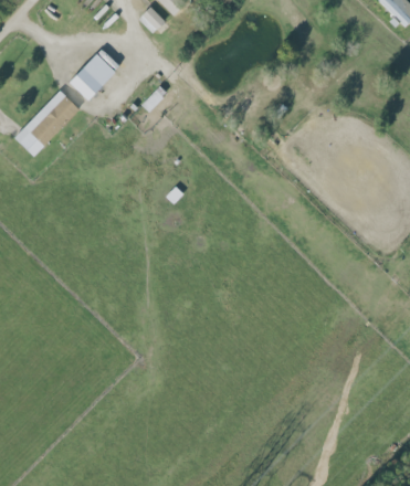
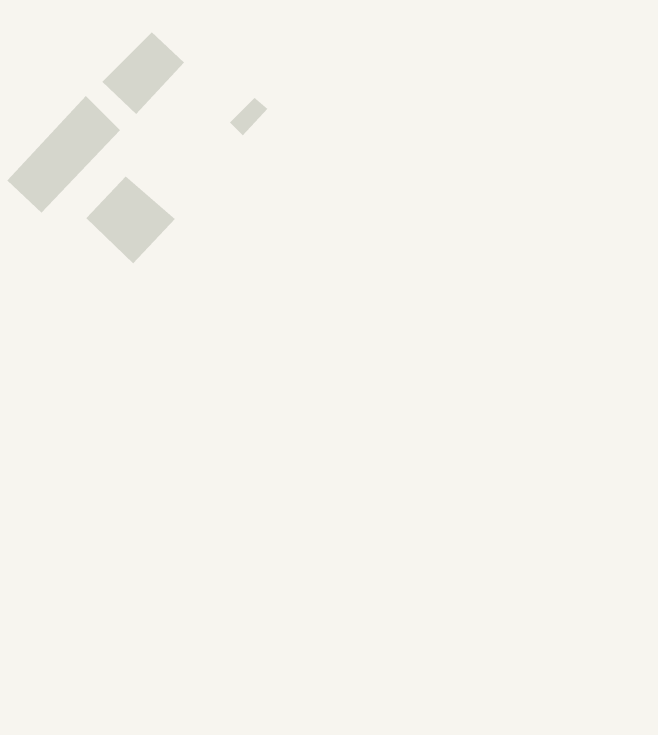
building: none -> [85,175,176,264]

